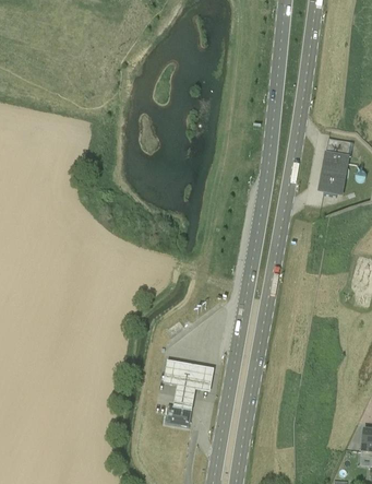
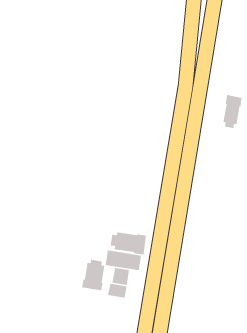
building: none -> [110,232,147,255]
building: none -> [81,259,105,291]

